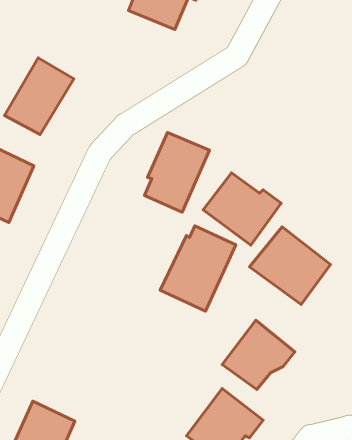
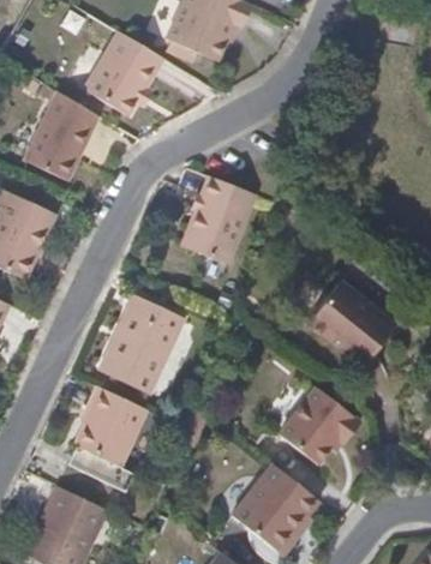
building: none -> [95,36,173,120]
building: [203,173,281,245] -> none
building: [160,226,236,311] -> [104,299,191,396]
building: none -> [70,385,145,488]

